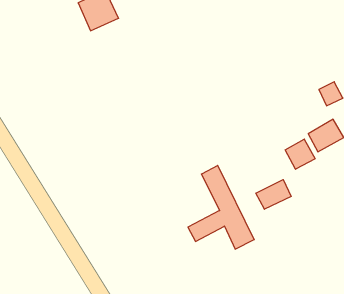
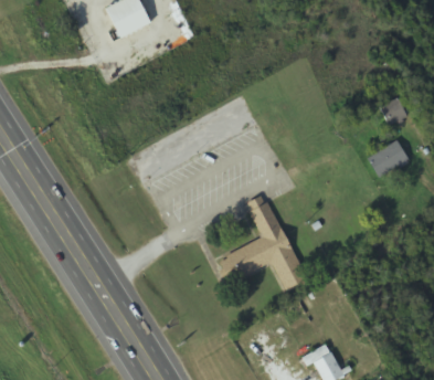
building: [285,139,315,169] -> none
building: [256,180,291,209] -> none

